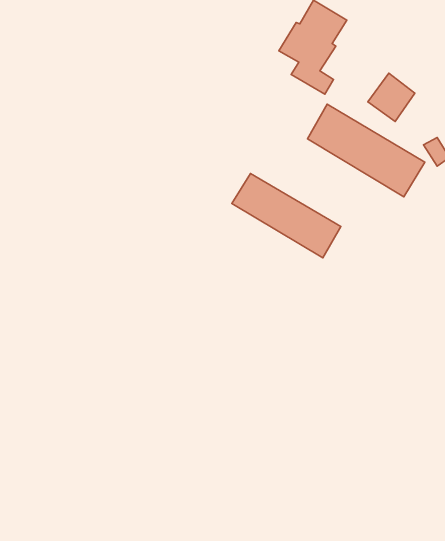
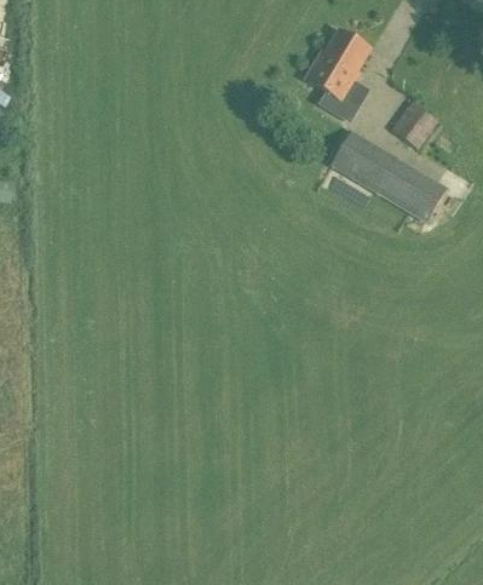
building: [232,173,341,258] -> none

